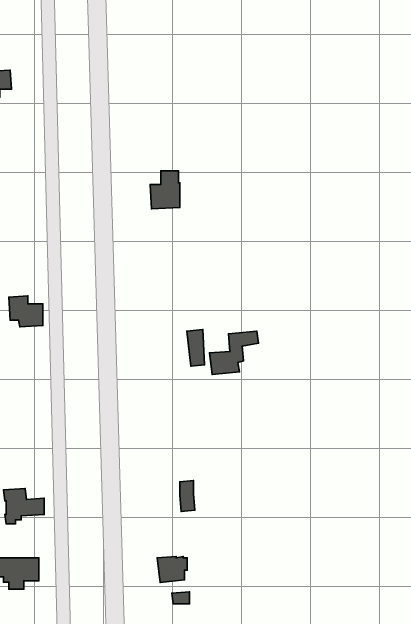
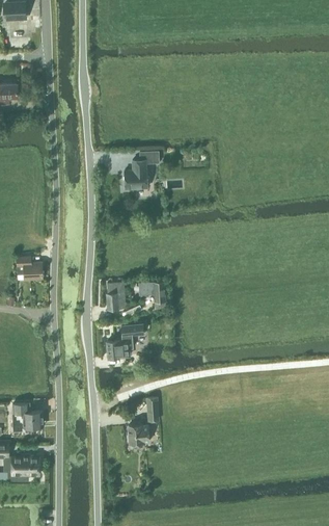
building: none -> [107,282,126,309]
building: [209,331,258,375] -> [107,324,144,358]
building: [157,557,187,582] -> [129,424,152,444]

